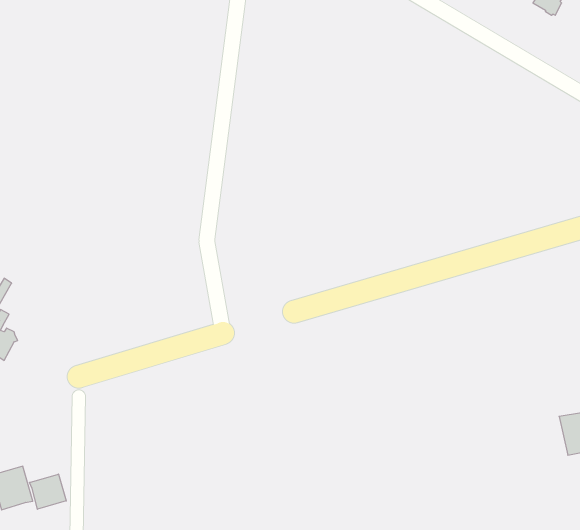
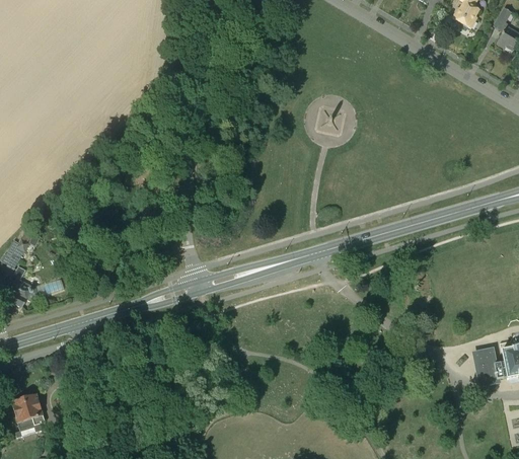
building: [30,474,66,509] -> none

